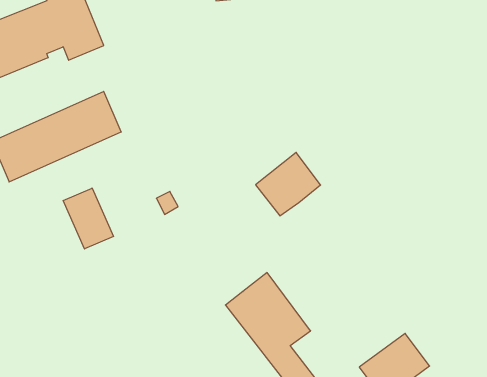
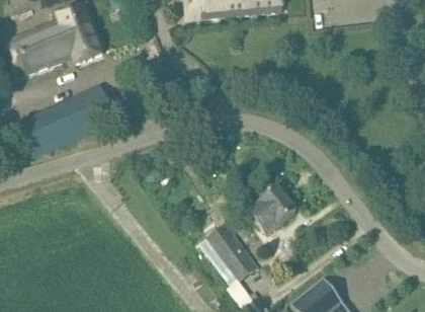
building: [256,152,321,216] -> [248,186,296,234]
building: [63,188,114,249] -> none

